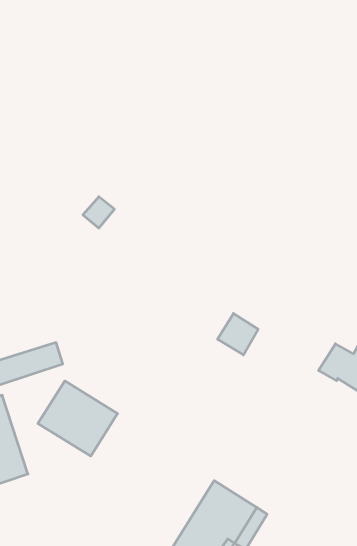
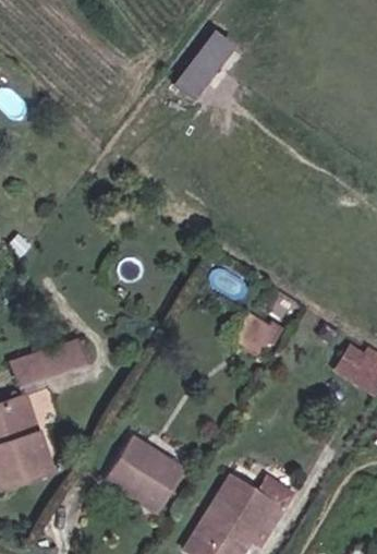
building: none -> [175,31,234,98]
building: [38,381,118,456] -> [107,437,184,510]

